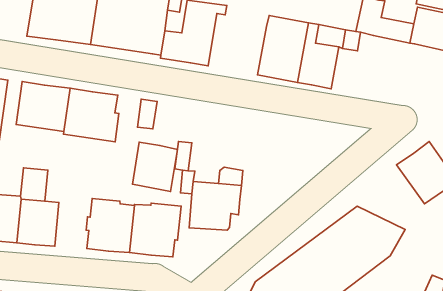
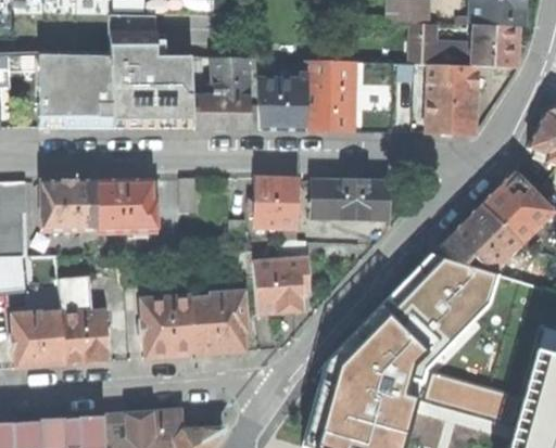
building: none -> [258,73,306,129]
building: none -> [426,63,477,133]
building: none -> [311,178,387,219]
building: [132,142,177,191] -> [254,177,299,227]
building: none -> [437,205,518,268]

